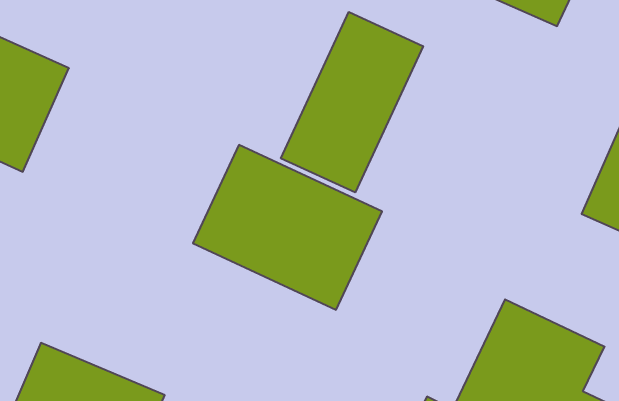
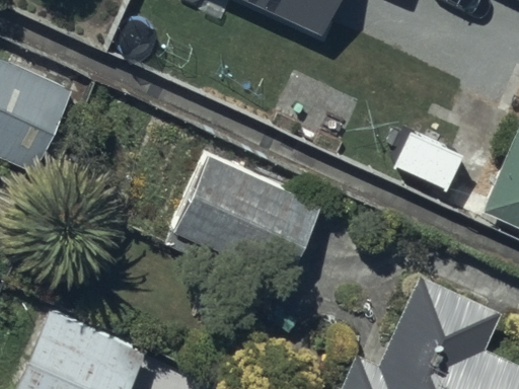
building: [281,12,423,192] -> none

